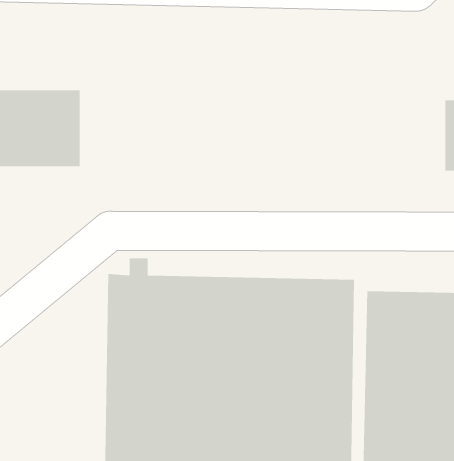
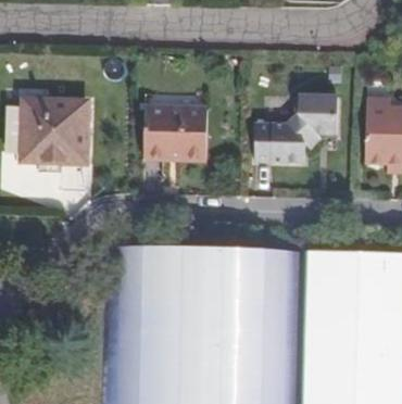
building: none -> [254,96,337,162]
building: none -> [147,104,205,157]

